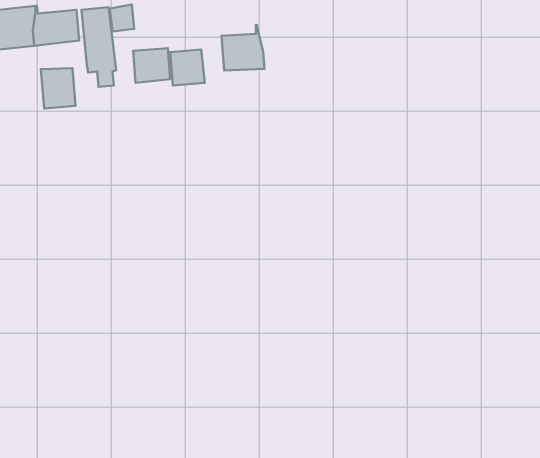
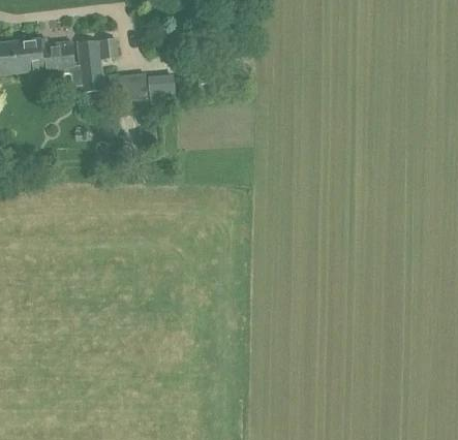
building: [222,25,265,70] -> none
building: [41,68,75,109] -> none

